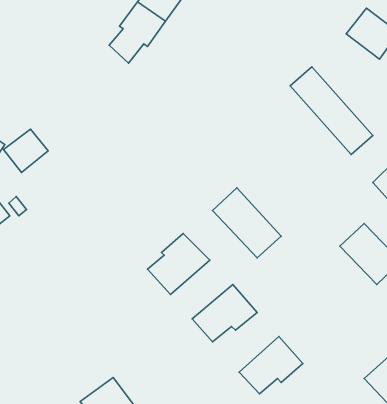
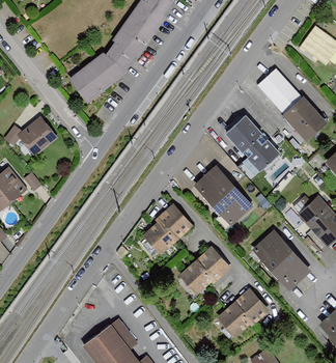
building: none -> [72,49,125,95]
building: none -> [220,115,275,172]
building: none -> [250,230,307,288]

